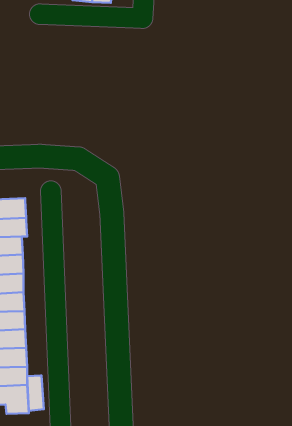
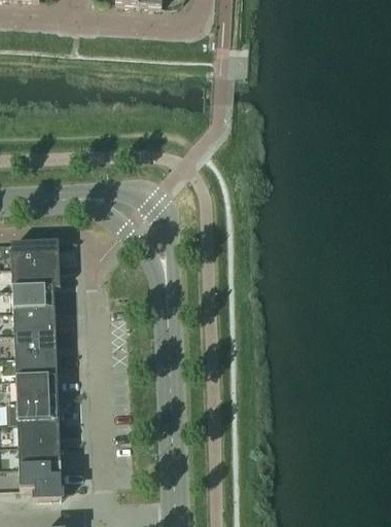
building: [27,375,44,411] -> none

